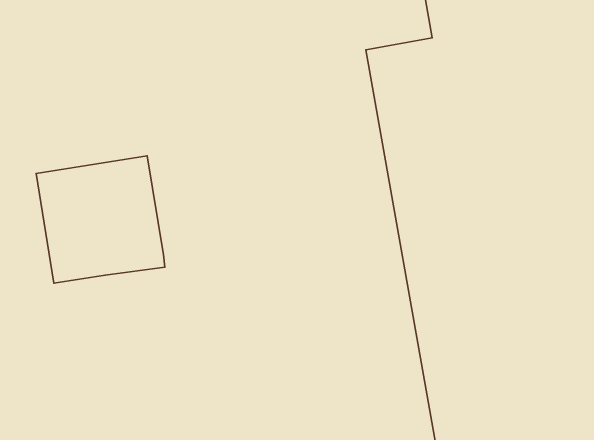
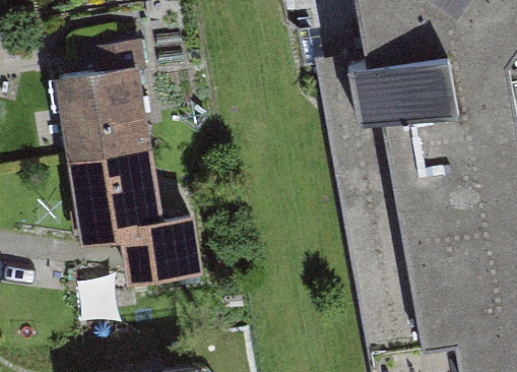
building: none -> [56,61,152,158]
building: none -> [121,213,204,276]

